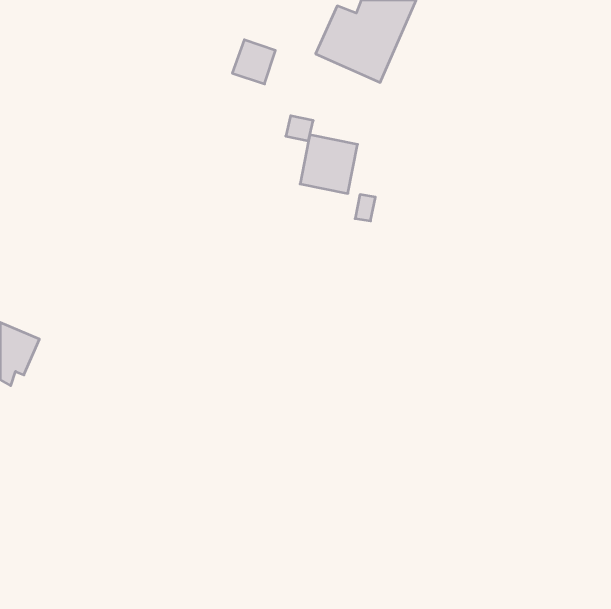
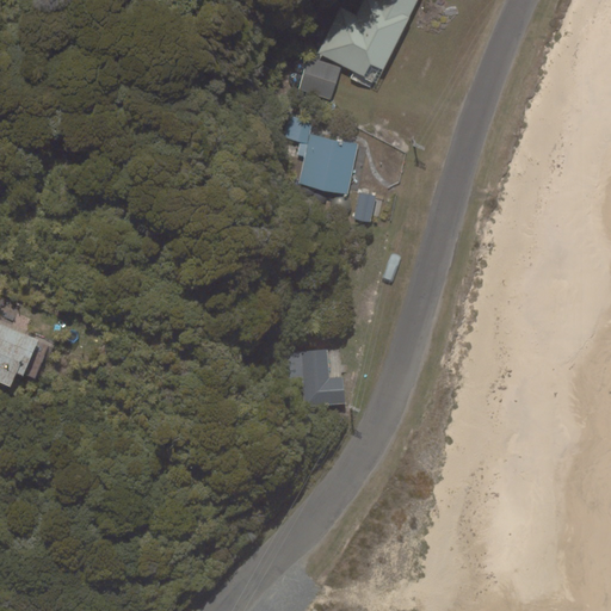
building: [232,40,275,84] -> [298,57,341,101]
building: none -> [298,337,345,408]

